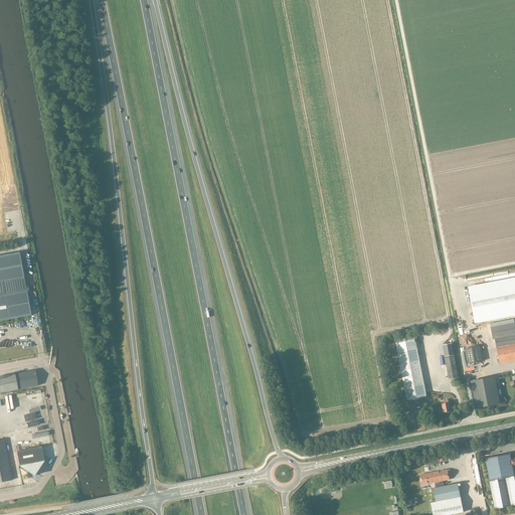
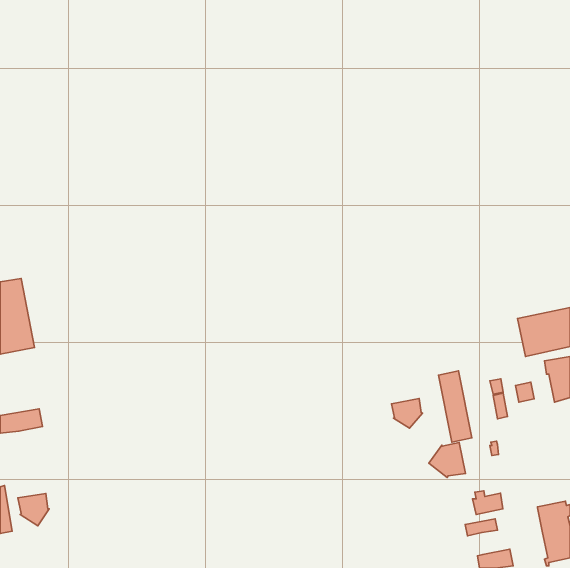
building: none -> [392,398,423,428]
building: [471,376,500,406] -> none
building: none -> [429,442,465,478]
building: [433,480,460,501] -> [473,491,503,514]

